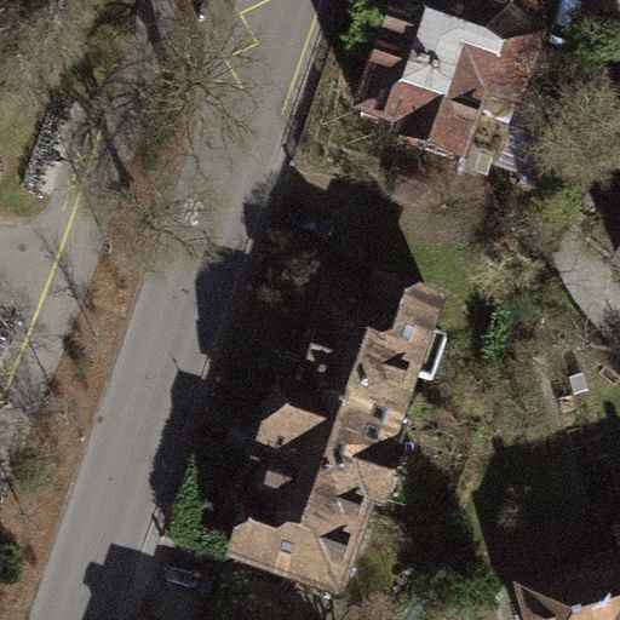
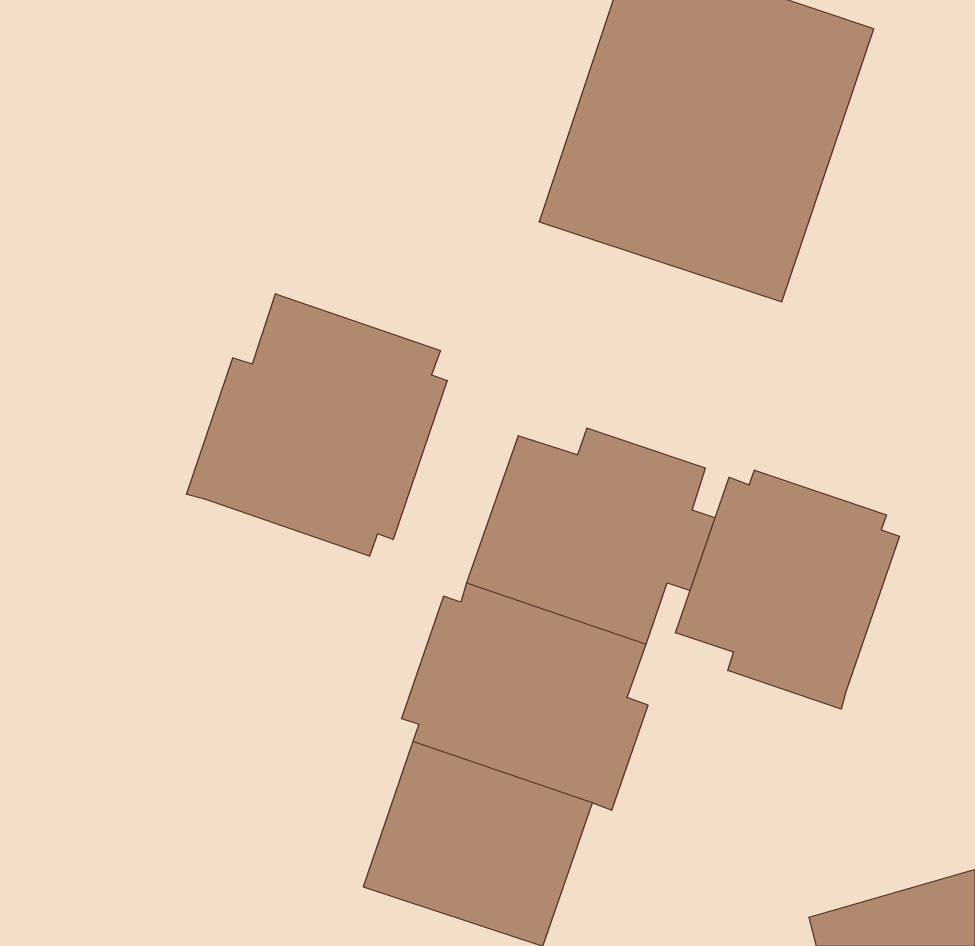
building: none -> [186,294,447,556]
building: none -> [676,470,900,709]

